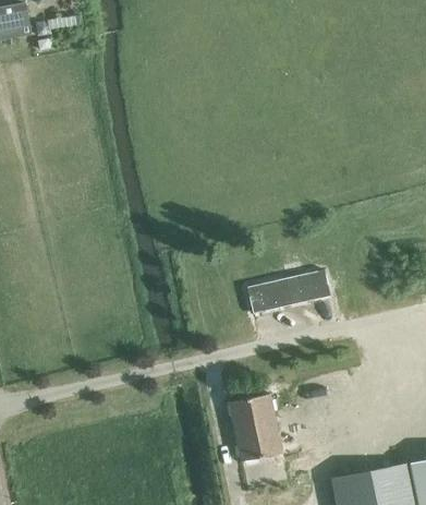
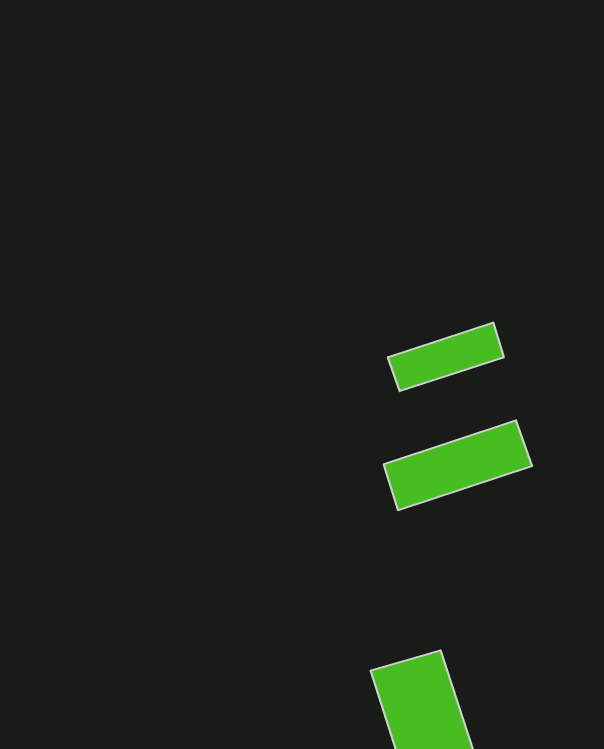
building: none -> [388,322,504,391]

